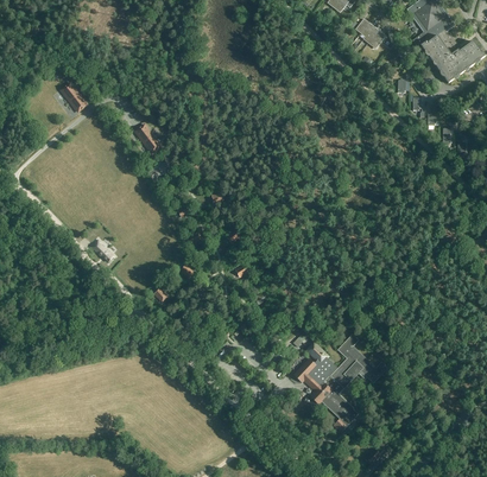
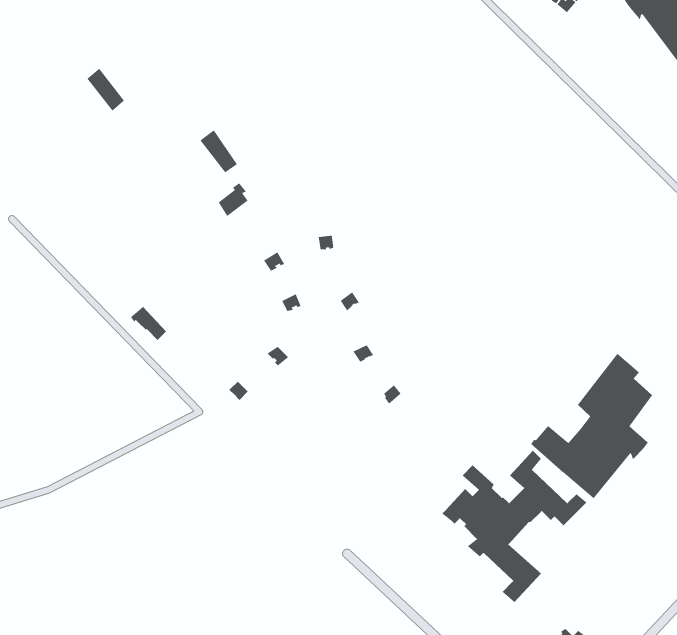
building: none -> [530,353,653,499]

